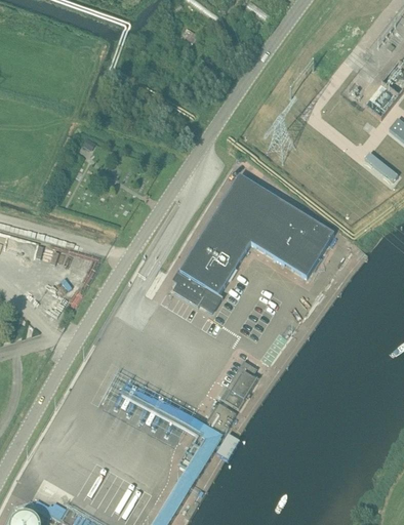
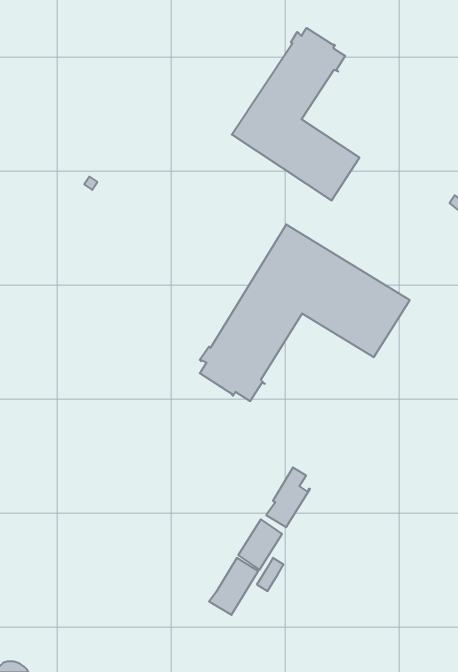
building: none -> [232,28,359,201]

